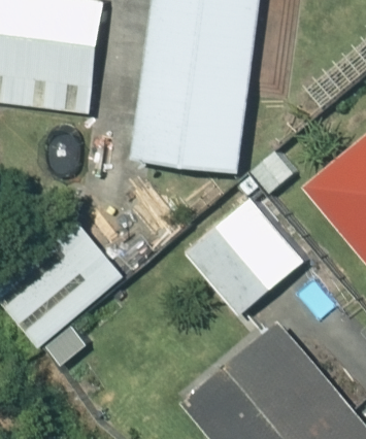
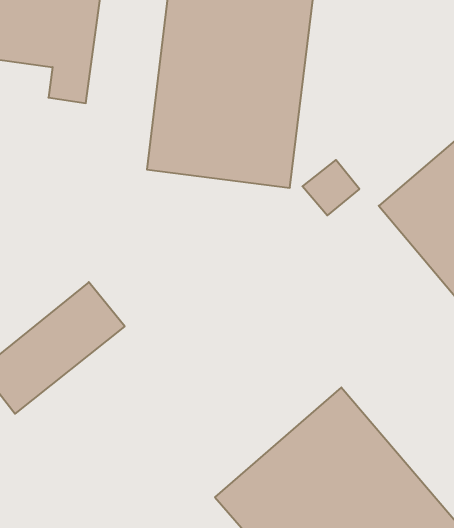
building: [184,199,301,314] -> none

